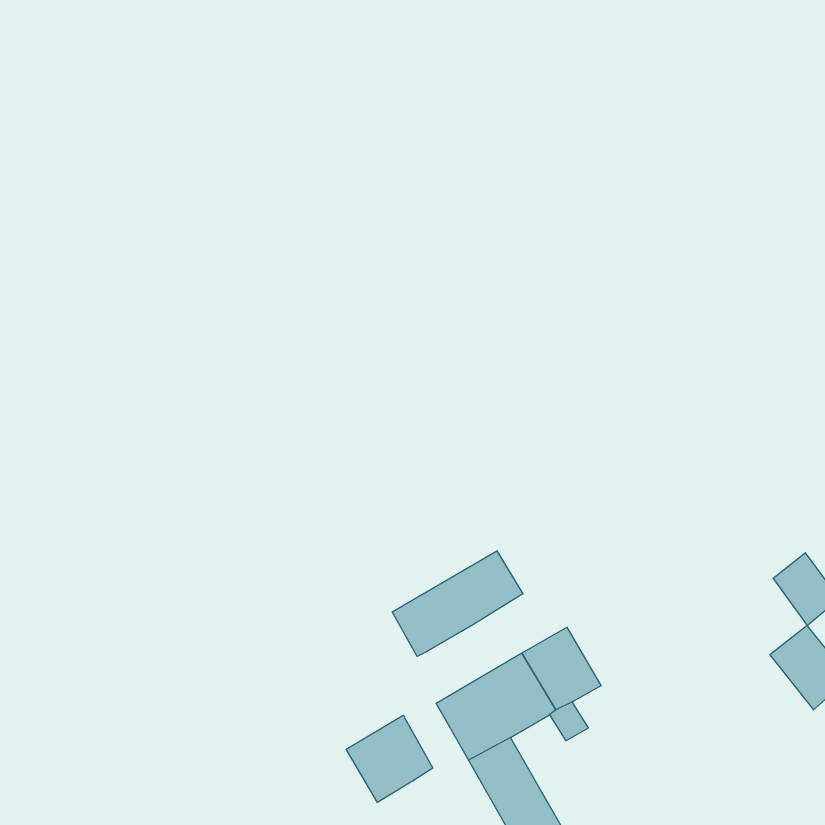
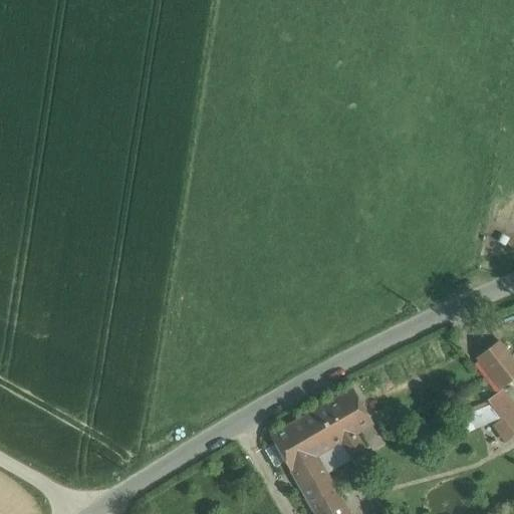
building: [392,551,523,656] -> none
building: [346,715,433,802] -> none

